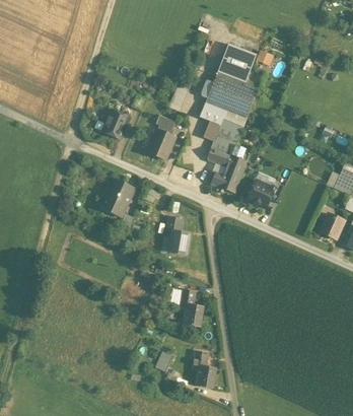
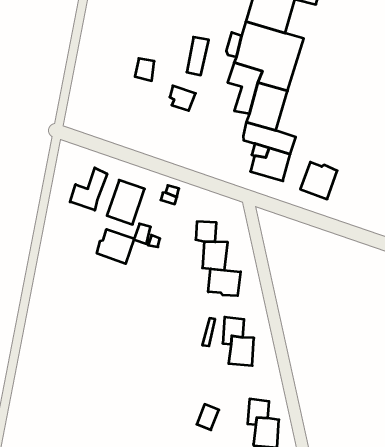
building: [101,109,129,138] -> none
building: [146,129,174,159] -> none
building: none -> [70,168,107,210]
building: none -> [97,229,134,264]
building: none -> [208,269,241,296]

